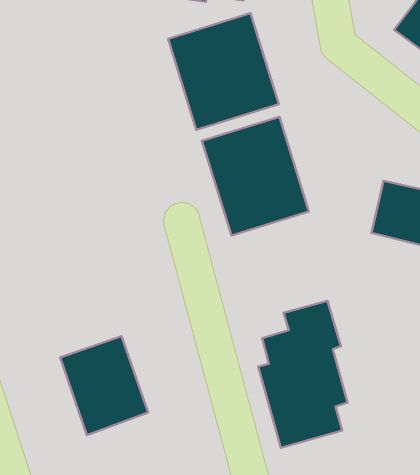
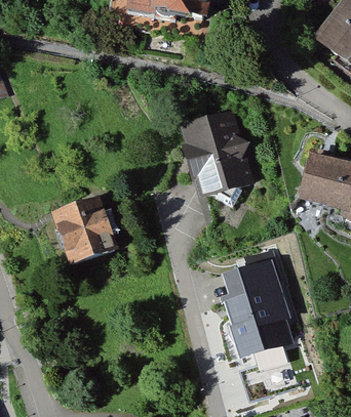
building: [168,13,279,130] -> none
building: [60,336,148,435] -> [49,190,117,265]

